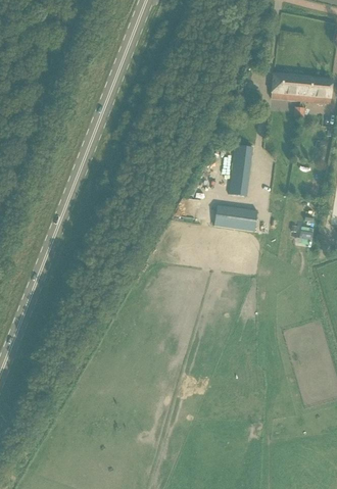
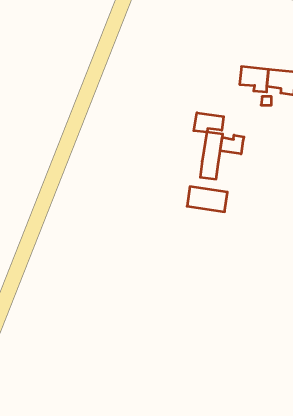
building: none -> [194,113,224,132]
building: none -> [220,135,244,154]

